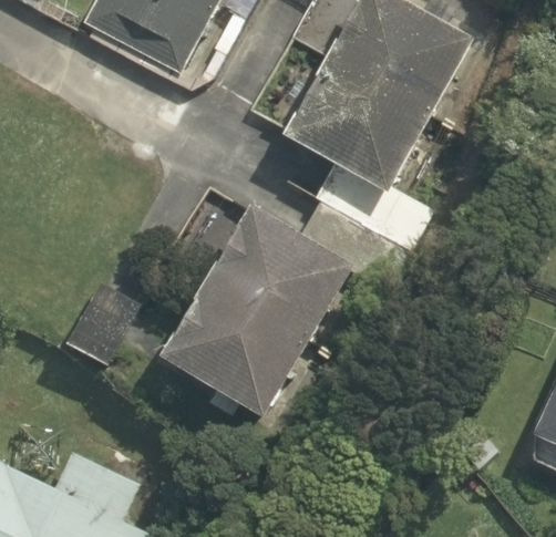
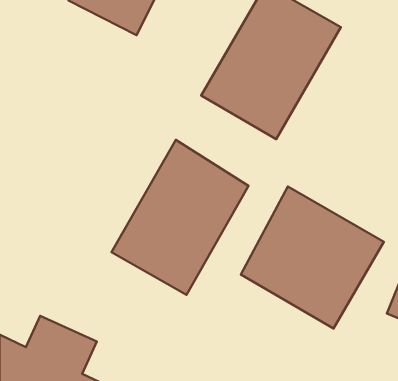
building: none -> [241,187,384,329]

